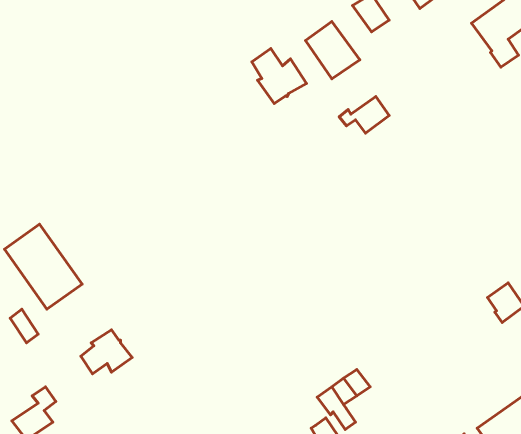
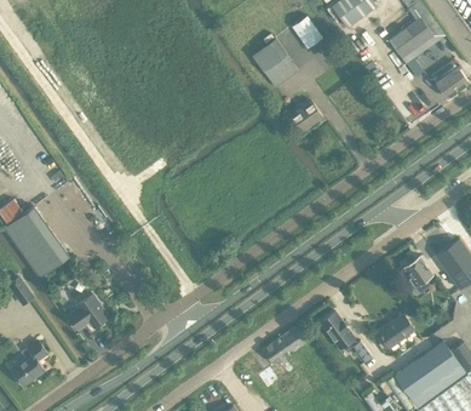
building: [252,49,306,103] -> none
building: none -> [321,312,372,363]
building: none -> [378,315,414,349]

